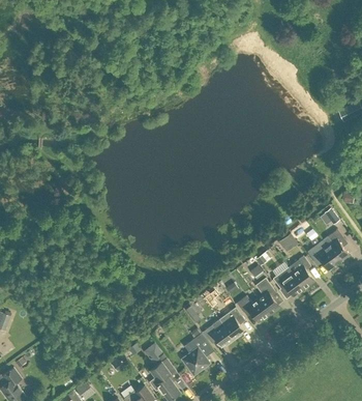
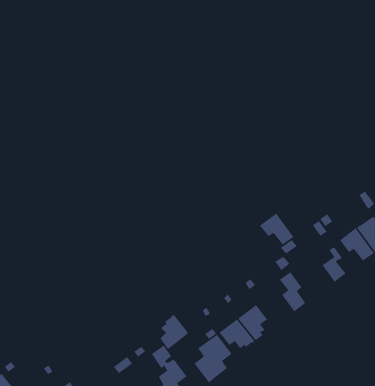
building: [273,266,304,295] -> [259,212,294,246]
building: [237,295,269,321] -> none
building: none -> [159,314,189,350]

